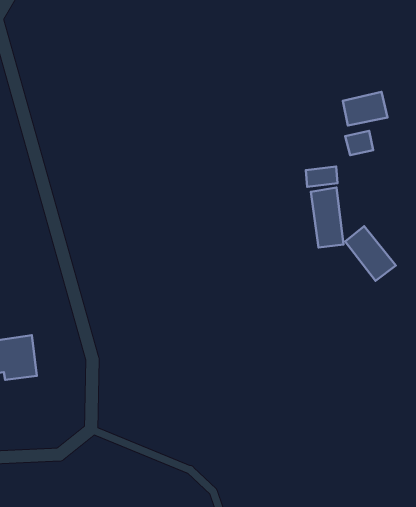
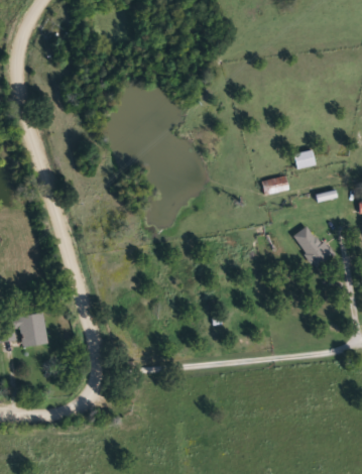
building: [343,92,388,126] -> none
building: [311,188,343,248] -> none

